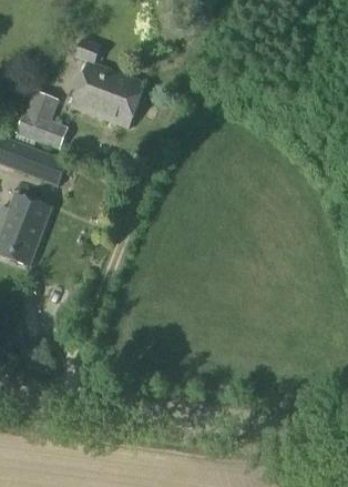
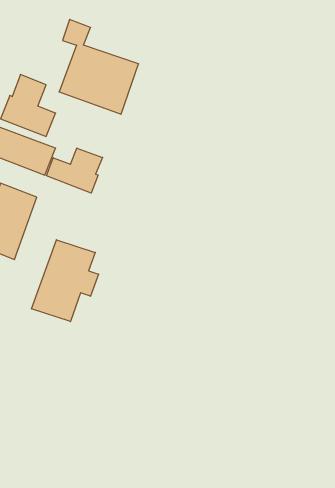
building: none -> [47,148,103,193]
building: none -> [32,240,99,322]

